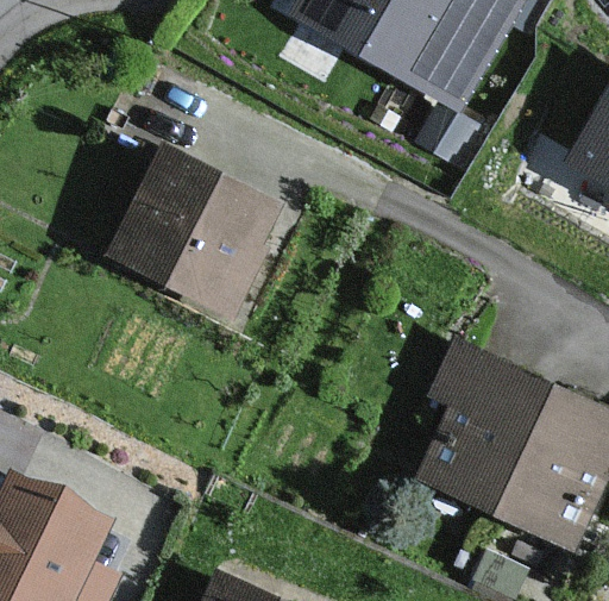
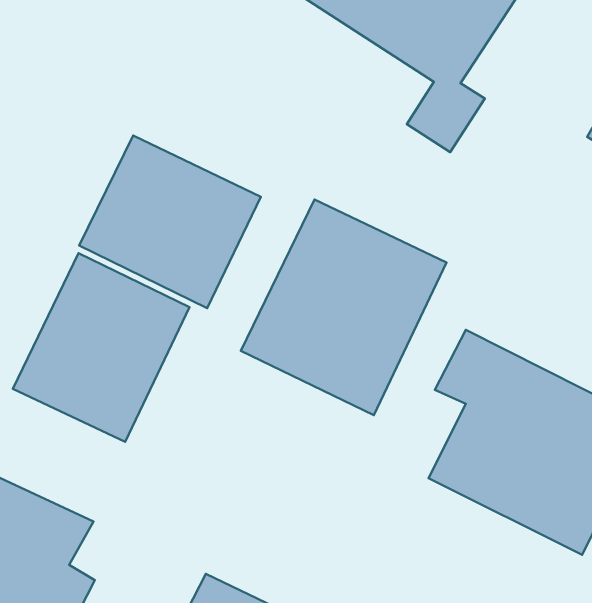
building: none -> [241,199,446,415]
building: none -> [13,253,190,442]

